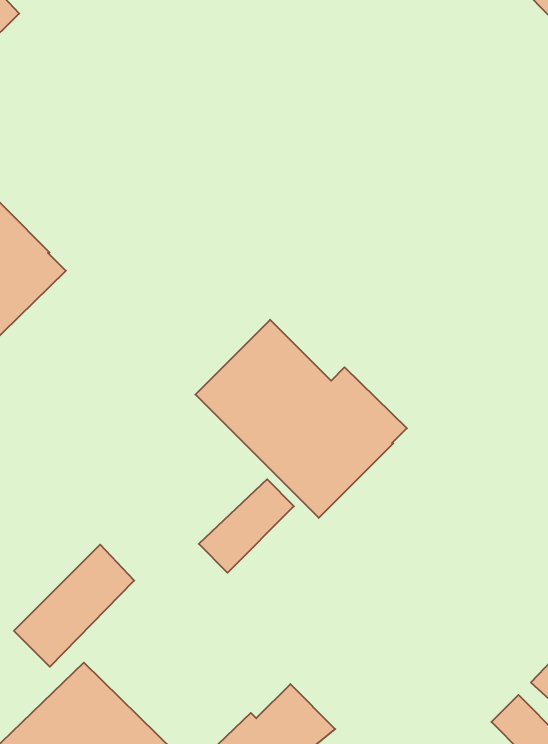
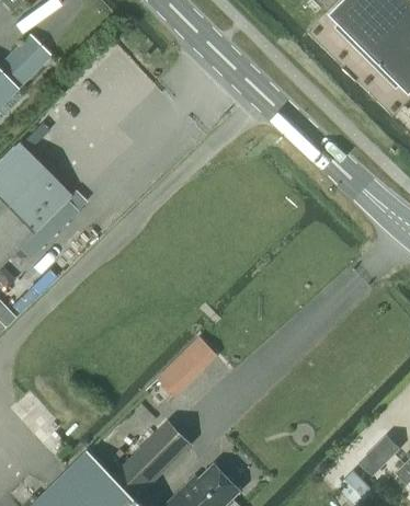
building: [195,320,407,518] -> none
building: [14,545,134,667] -> [117,421,191,495]

